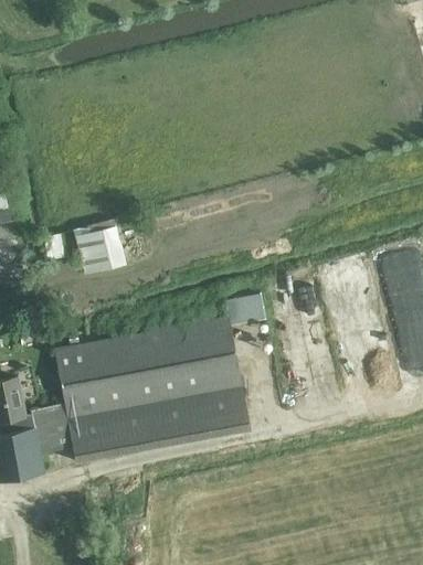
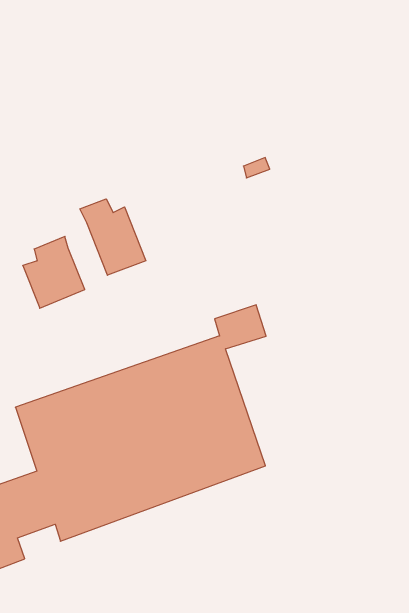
building: none -> [80,199,146,275]

